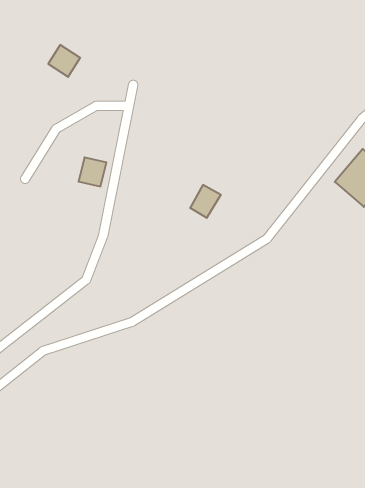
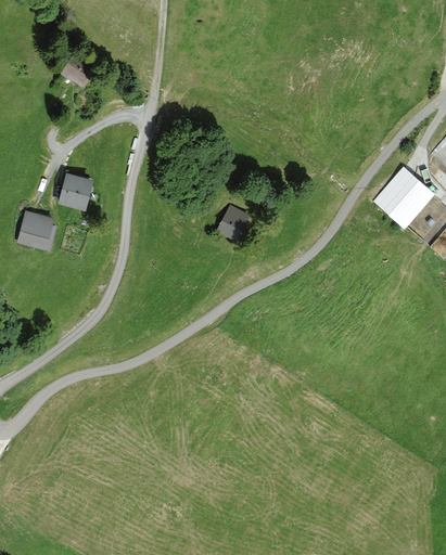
building: [78,157,106,186] -> [61,176,91,207]
building: none -> [20,214,55,248]

